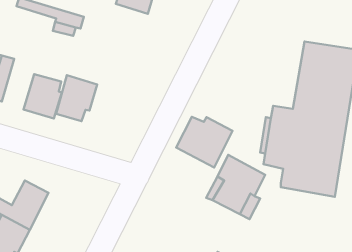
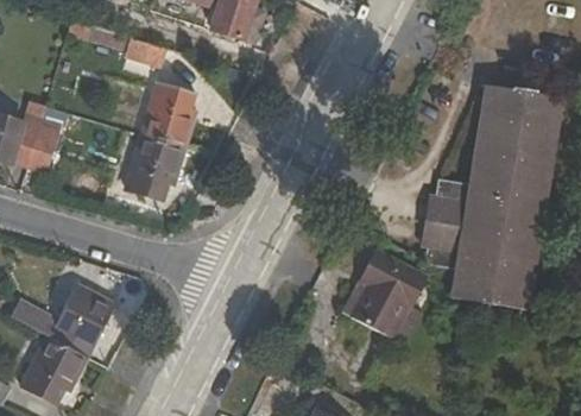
building: [23,74,62,119] -> [140,82,196,146]
building: [176,117,233,168] -> none

